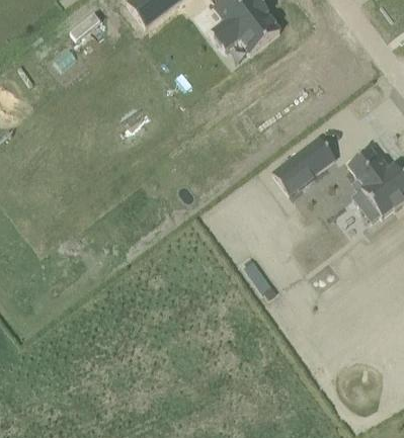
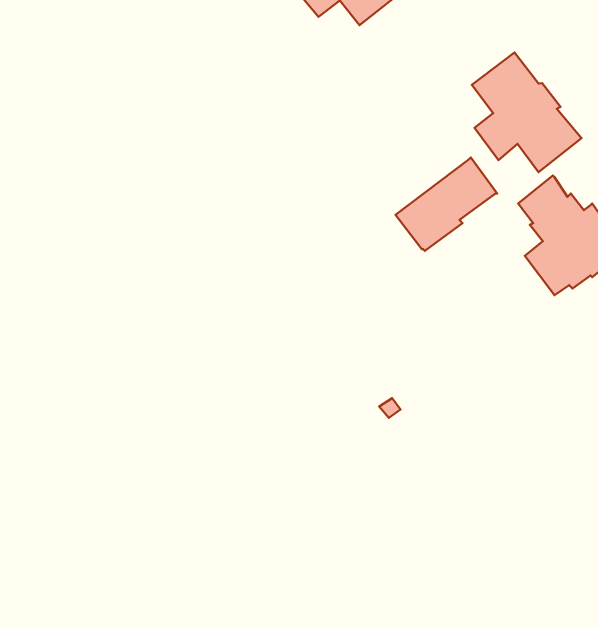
building: none -> [472,53,581,172]

